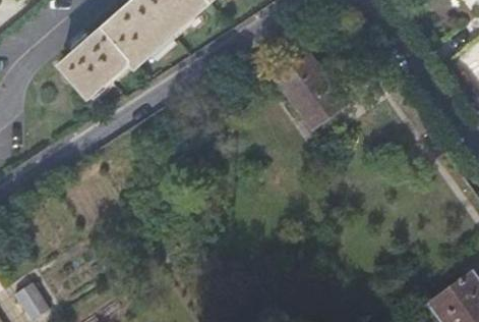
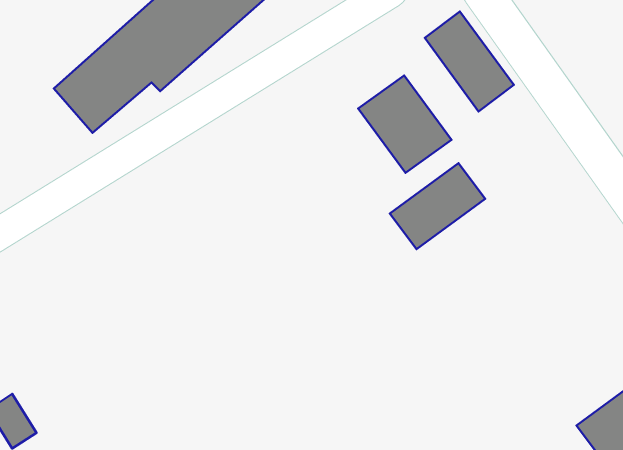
building: none -> [425,11,514,111]
building: none -> [390,163,485,249]

